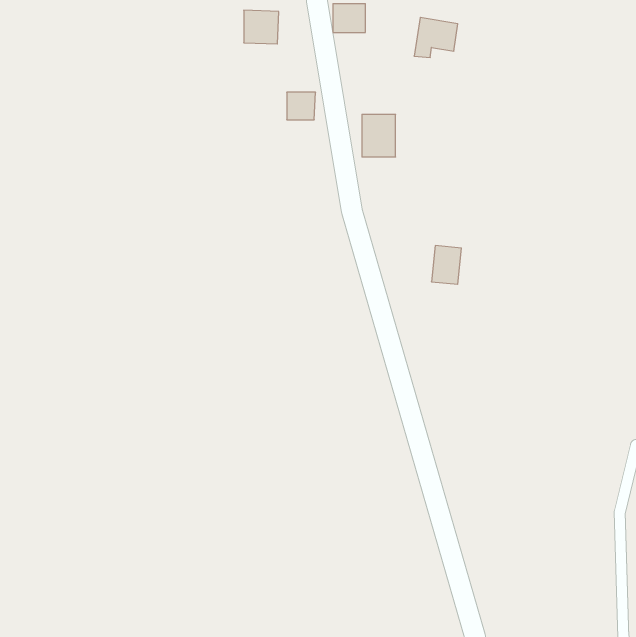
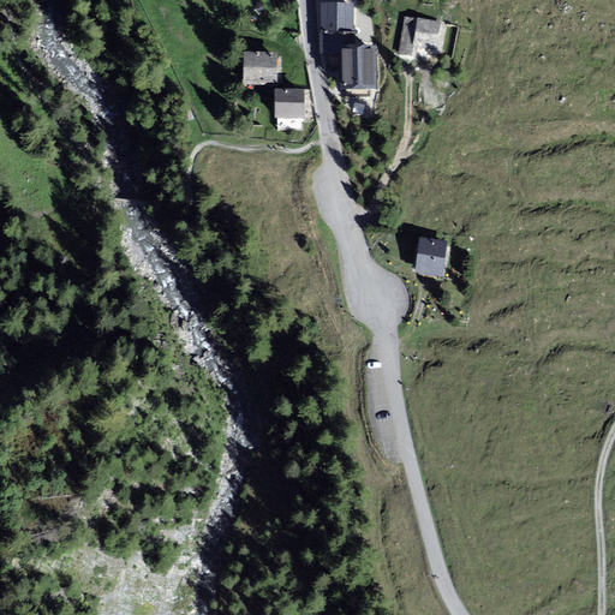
building: [244,10,279,44] -> [245,52,279,84]
building: [362,114,396,157] -> [344,46,376,86]

